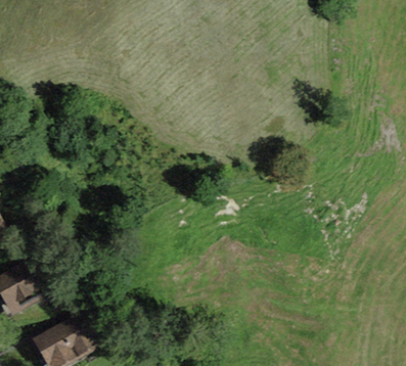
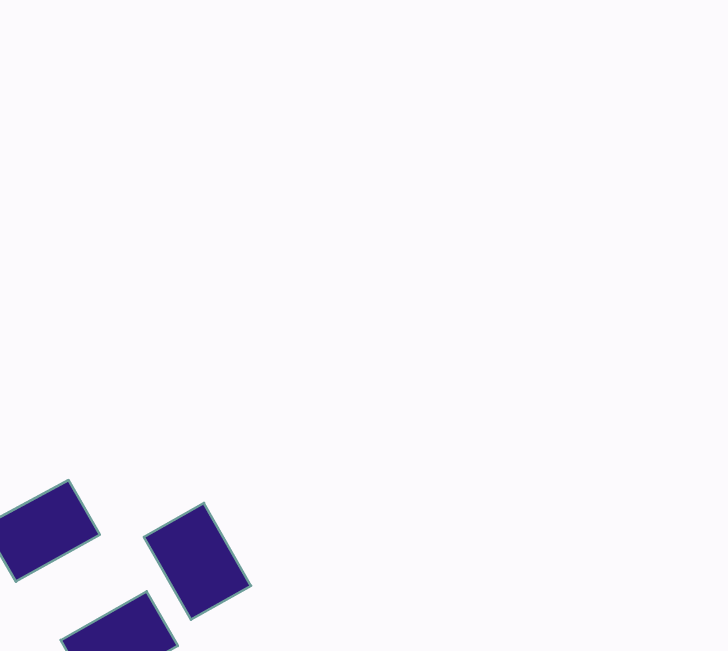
building: none -> [144,503,251,620]

